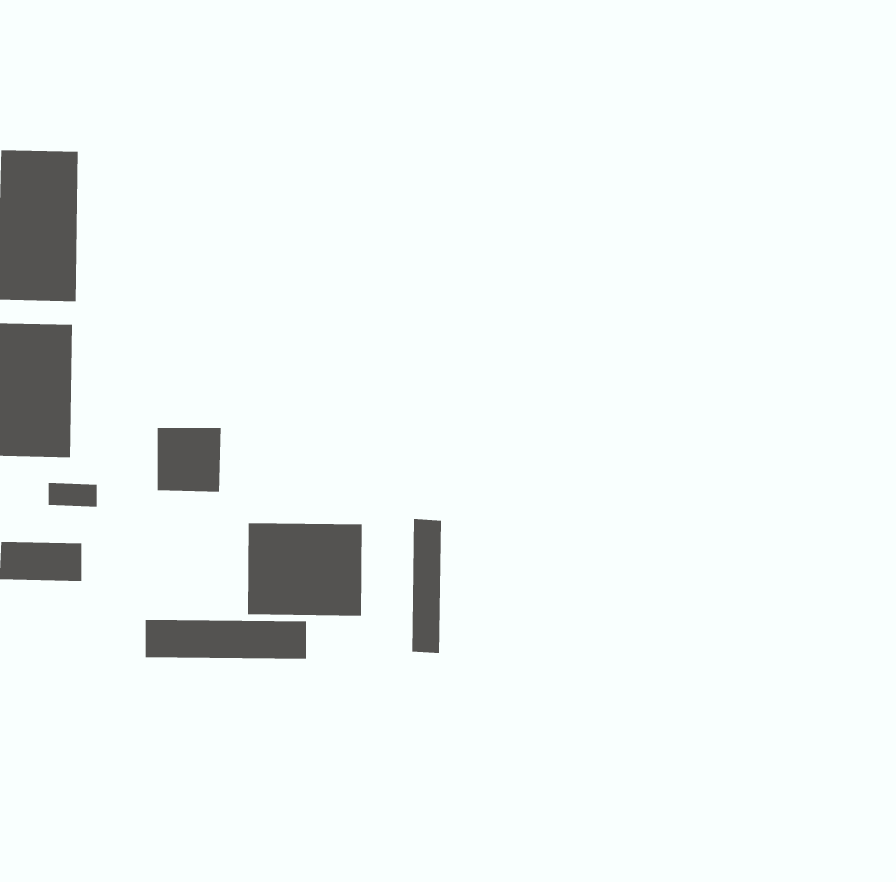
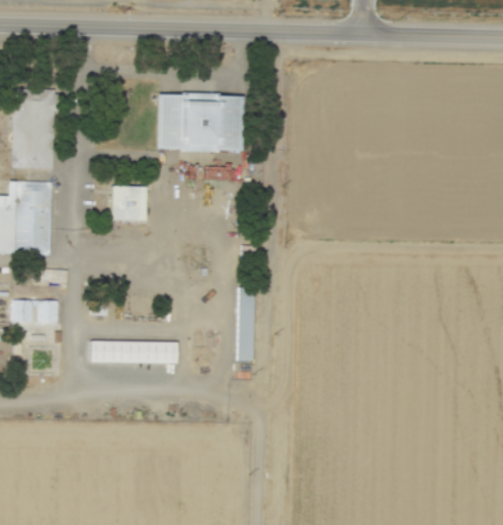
building: none -> [155,91,242,151]
building: [157,428,222,492] -> [110,185,144,219]
building: [248,522,362,616] -> none

